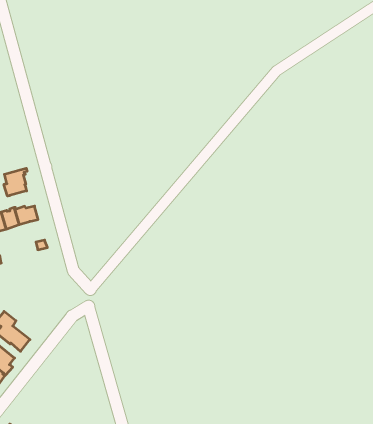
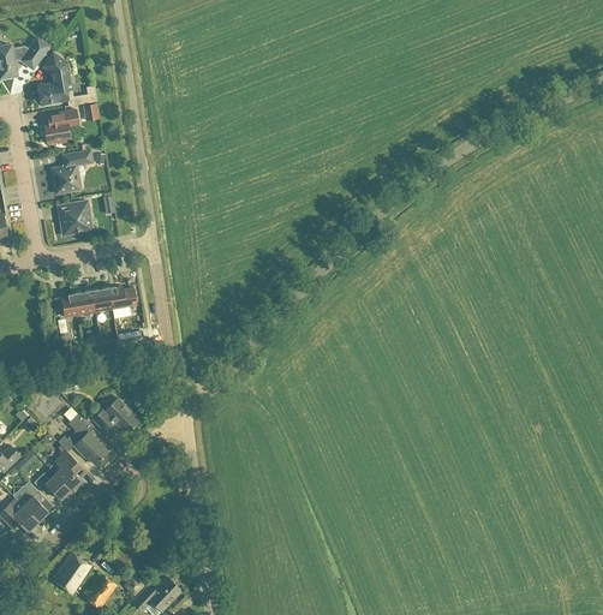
building: [4,168,27,196] -> none
building: none -> [92,398,139,436]

